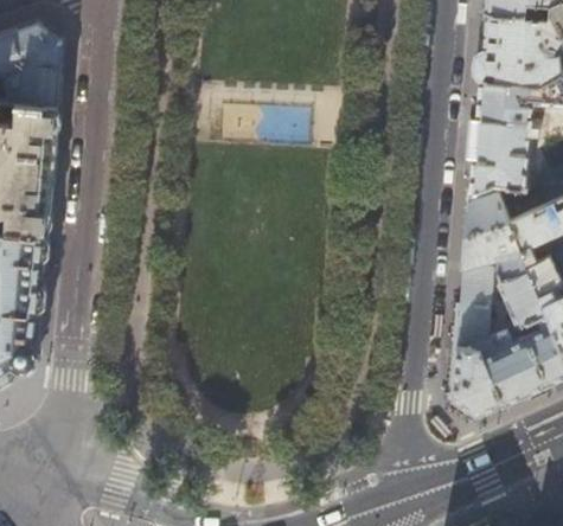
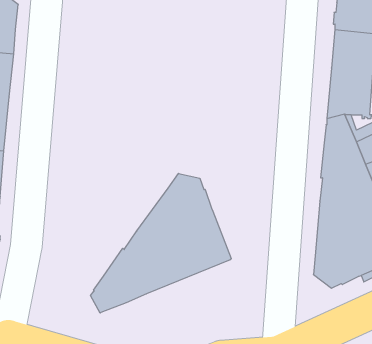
building: none -> [90,173,231,313]

